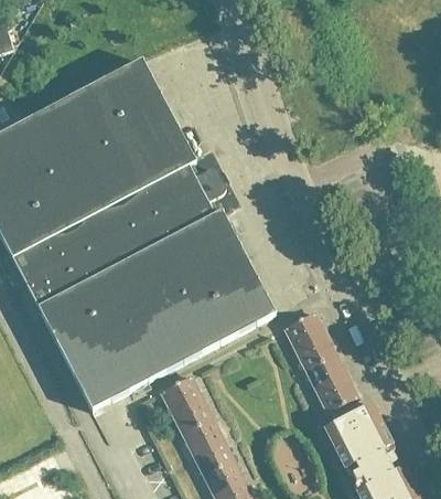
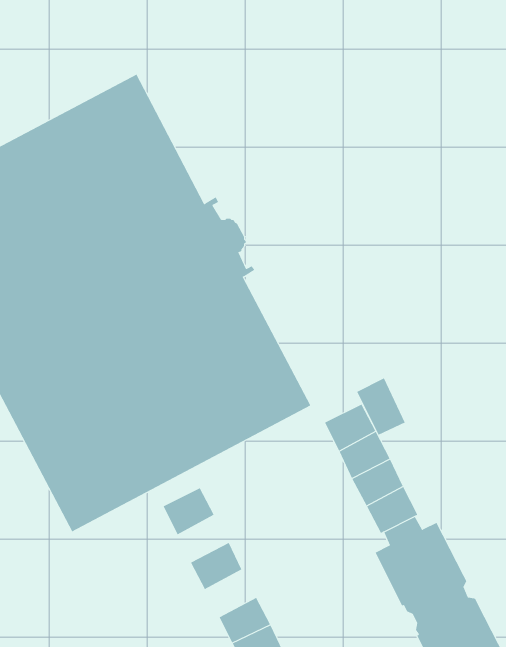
building: none -> [356,378,405,435]
building: [172,395,212,432] -> none
building: [193,437,233,474] -> none

